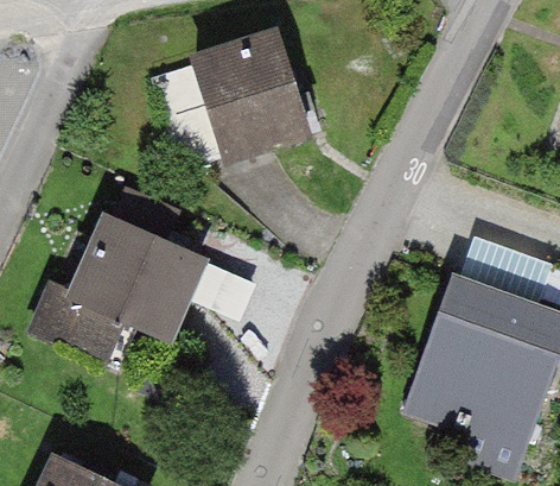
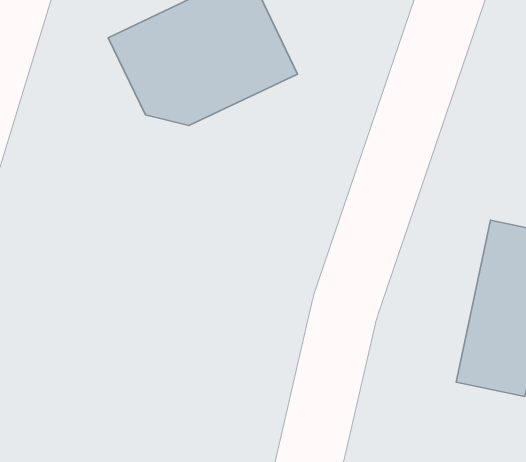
building: [37,217,199,362] -> none

